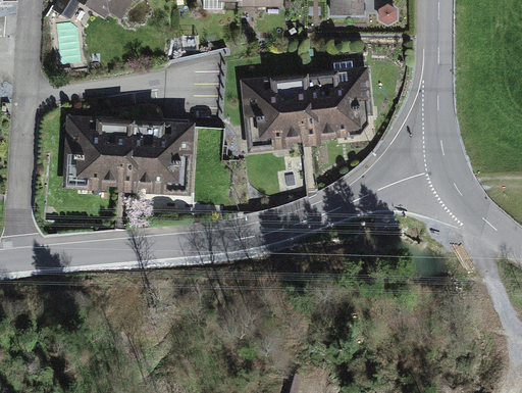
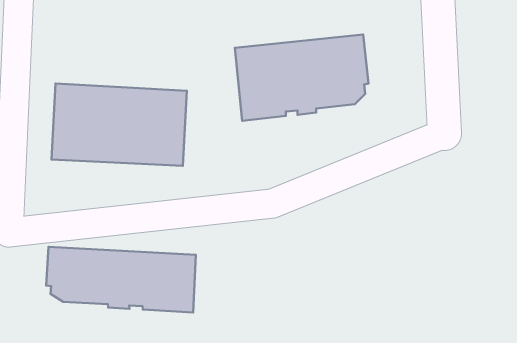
building: none -> [46,247,196,313]

